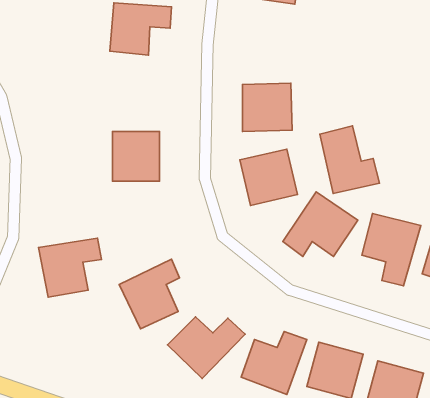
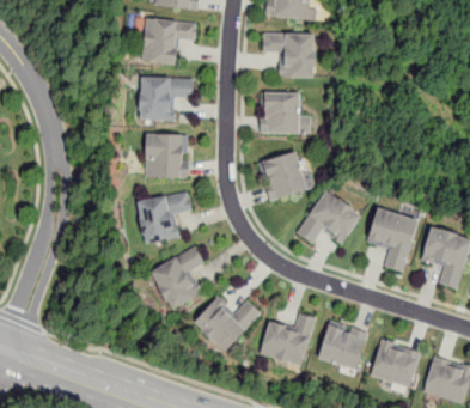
building: none -> [263,32,315,77]
building: none -> [139,78,193,122]
building: [320,126,379,193] -> none
building: [39,238,102,297] -> [135,191,191,244]

